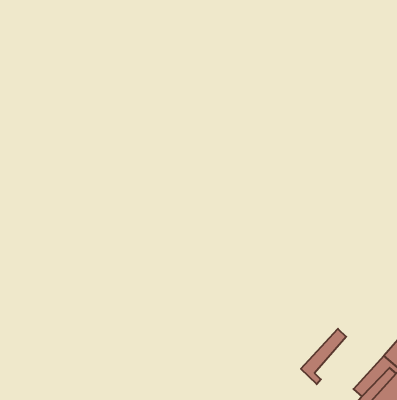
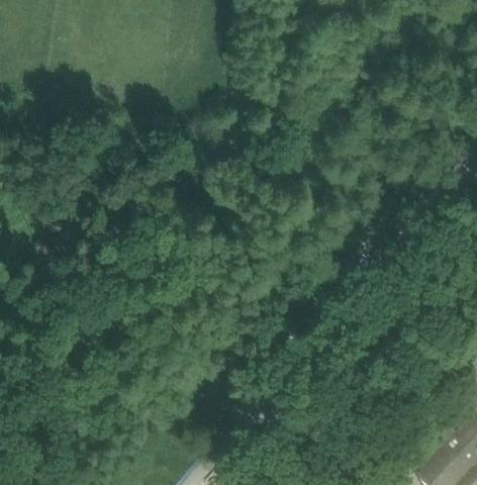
building: [301,329,346,384] -> none

